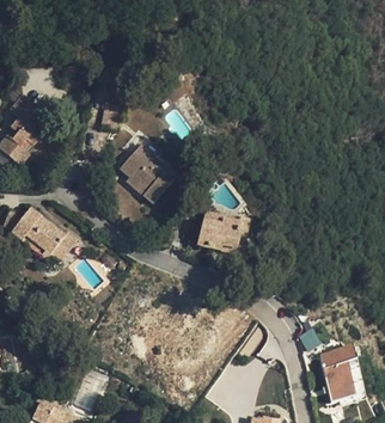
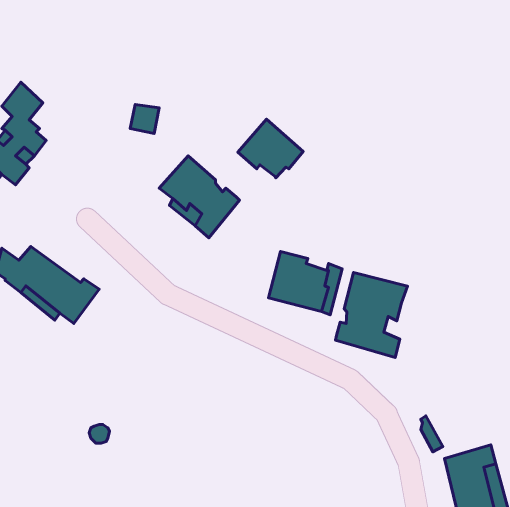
building: none -> [238,119,303,178]
building: none -> [336,273,408,357]

